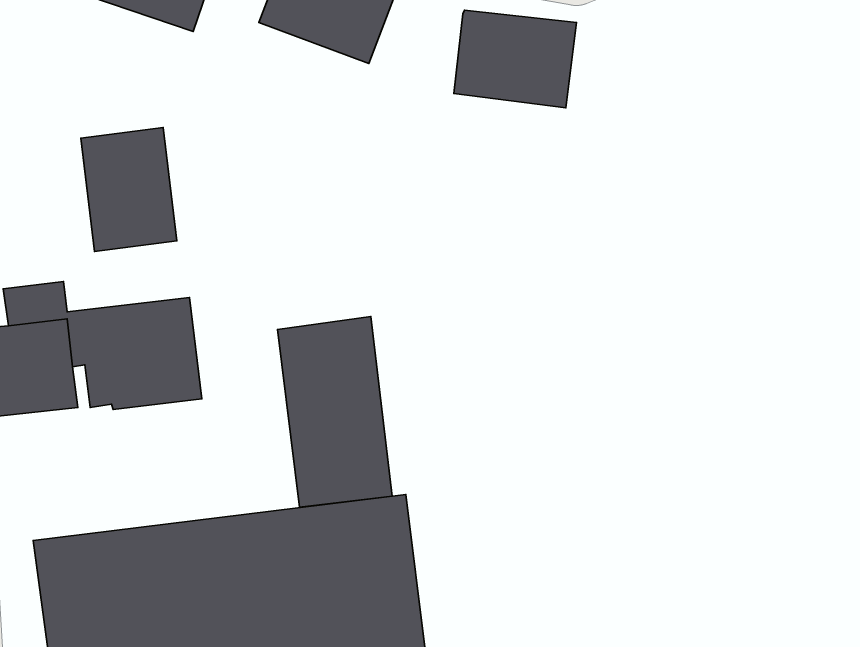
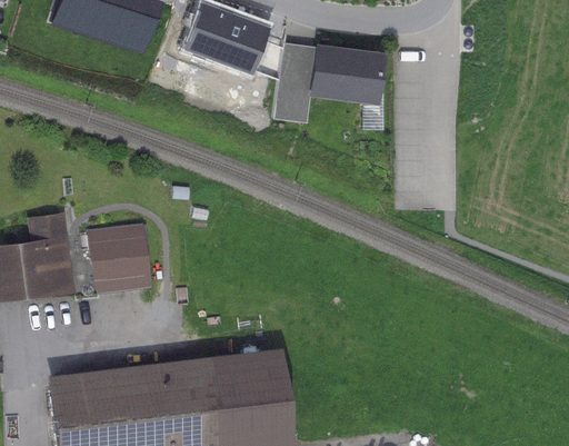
building: none -> [273,42,315,123]
building: [81,128,177,252] -> none
building: [277,316,392,507] -> none

